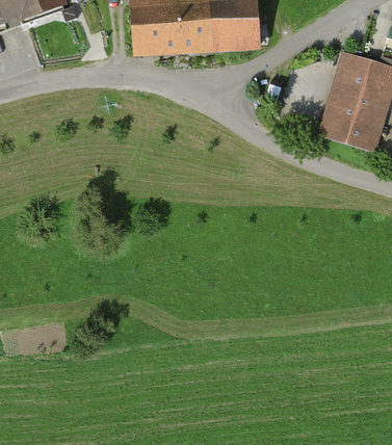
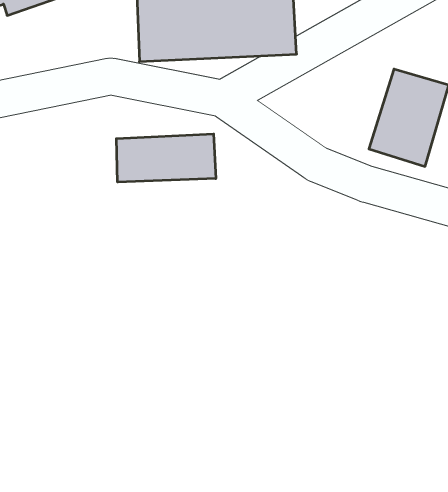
building: none -> [116,134,216,182]

